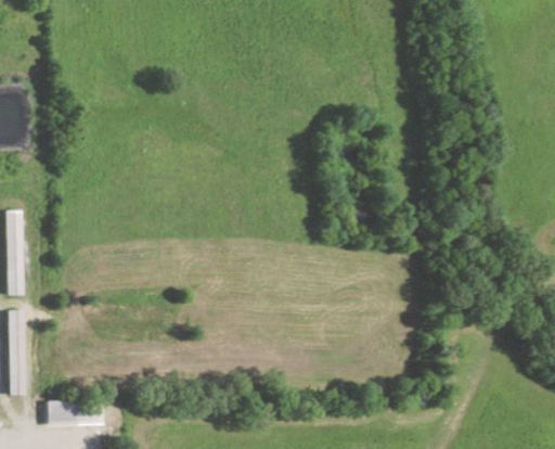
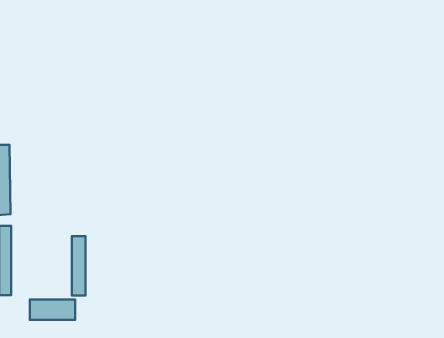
building: none -> [72,236,85,296]

